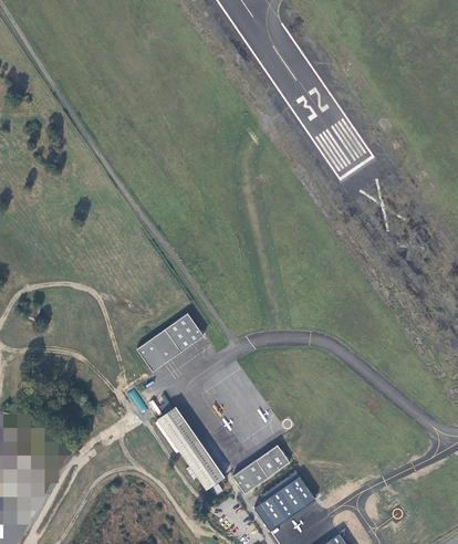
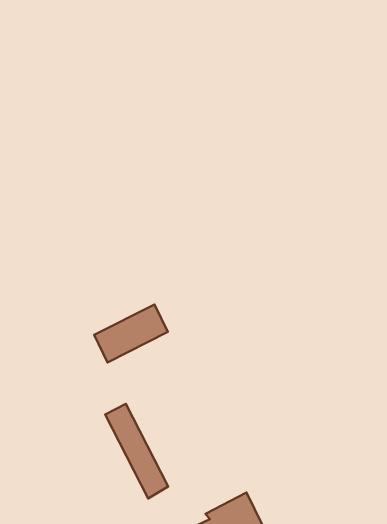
building: [233,446,290,493] -> none

